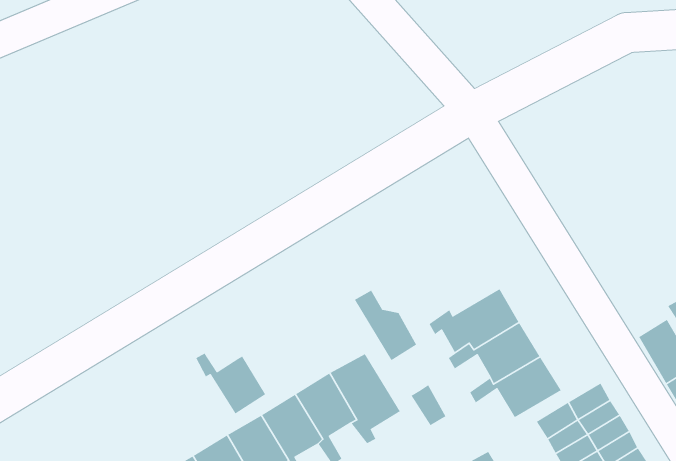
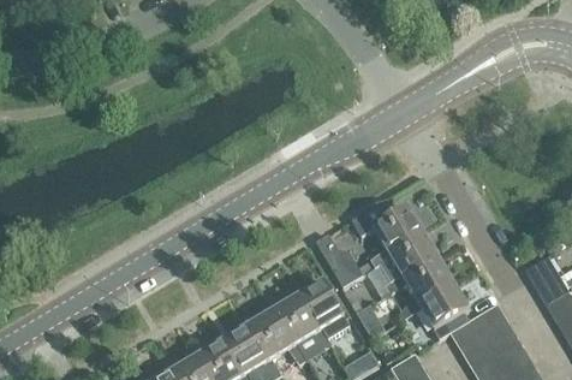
building: none -> [352,198,423,253]
building: [195,352,266,414] -> none

